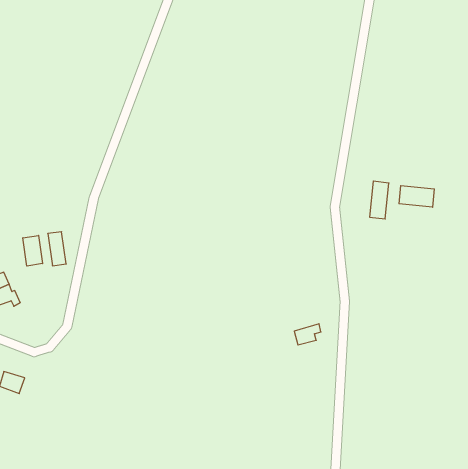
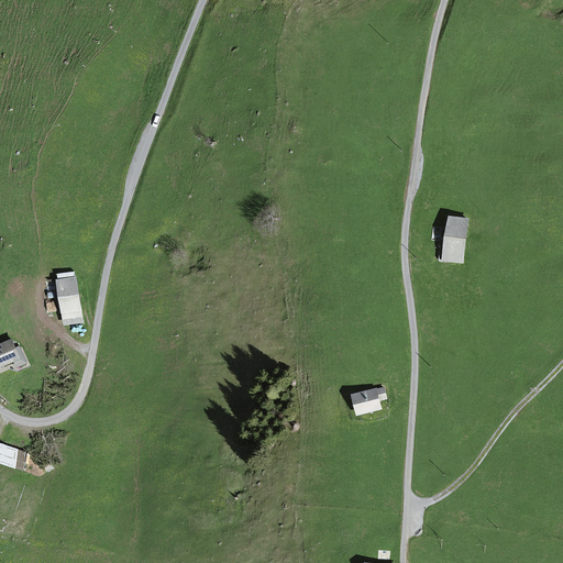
building: [399,186,434,207] -> none
building: [23,235,43,266] -> none

